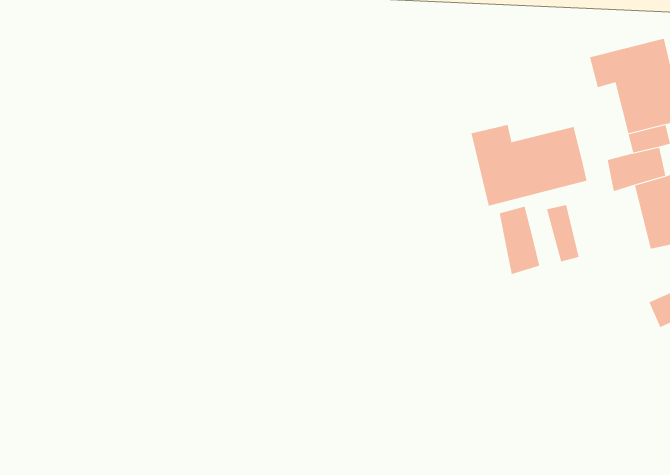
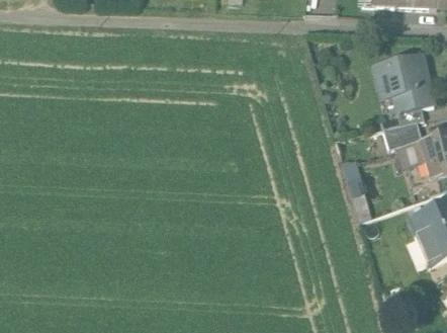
building: [471,124,587,207] -> none
building: [499,206,540,275] -> none

